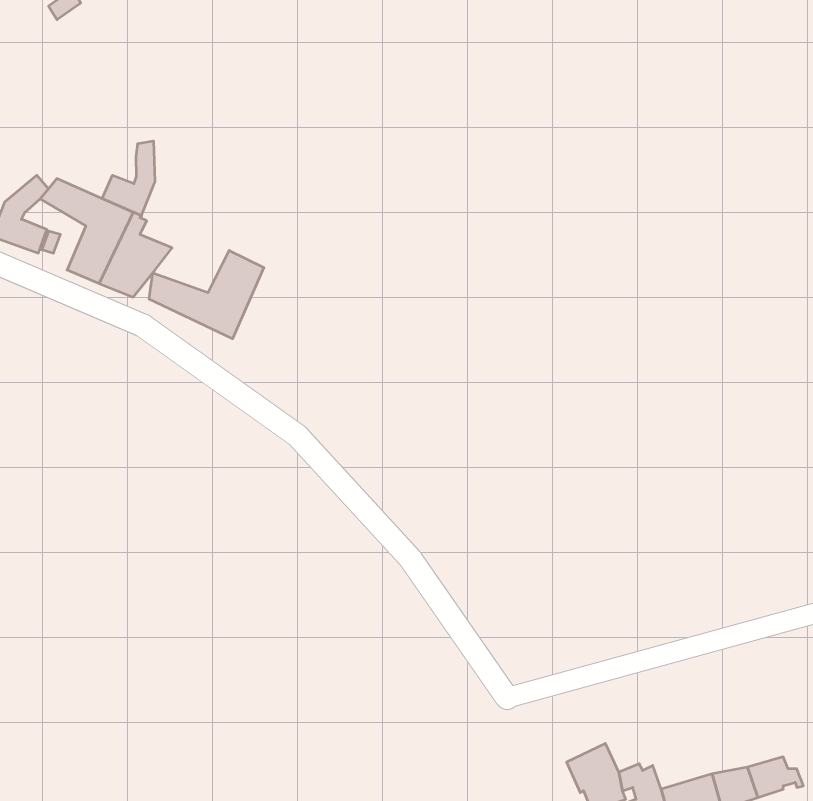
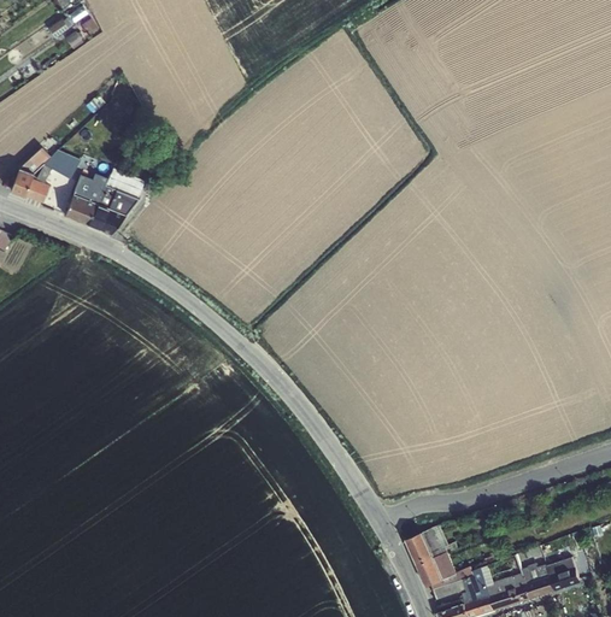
building: [102,141,155,216] -> none
building: [149,250,264,339] -> none
building: none -> [406,525,457,565]

